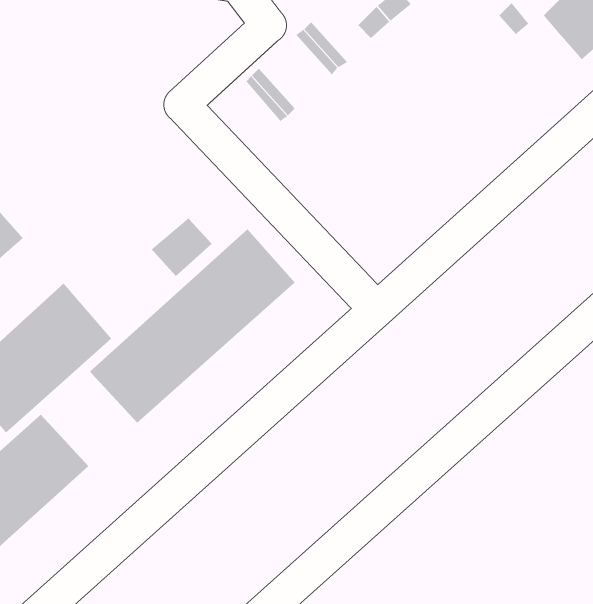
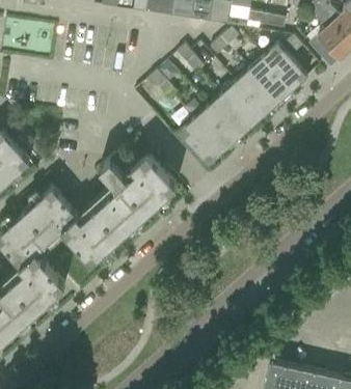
building: none -> [180,44,308,166]

